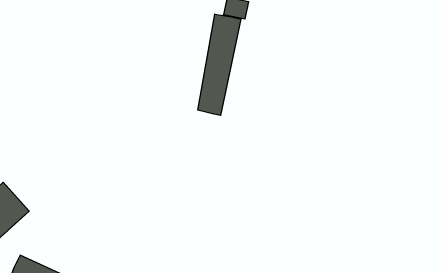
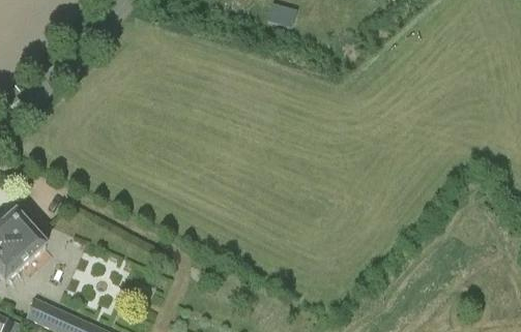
building: [198,14,241,115] -> none

